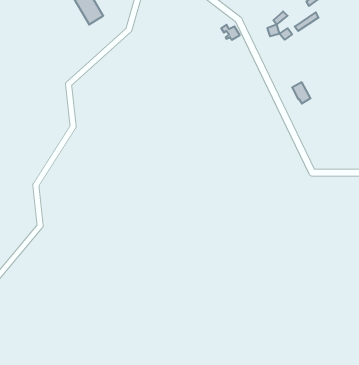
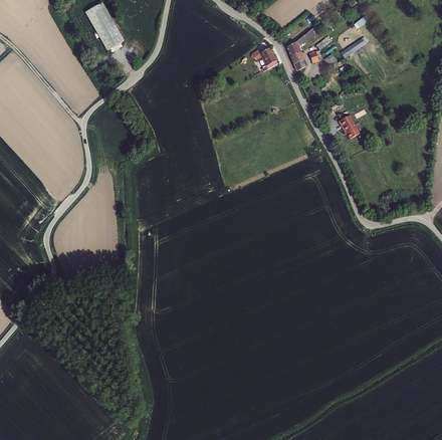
building: none -> [286,28,314,69]

